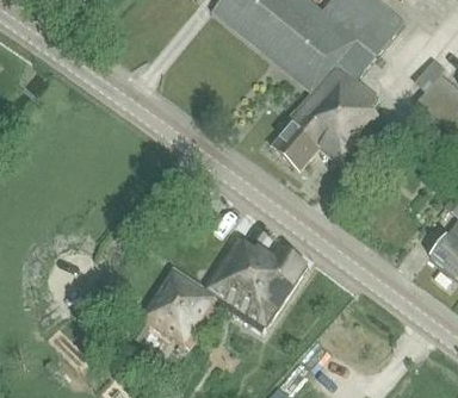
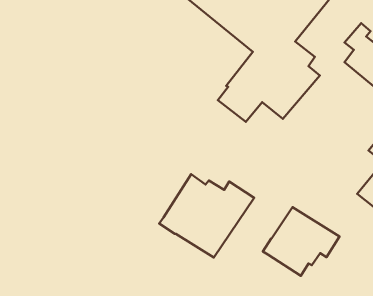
building: [136,262,219,353] -> none
building: none -> [263,207,340,276]

